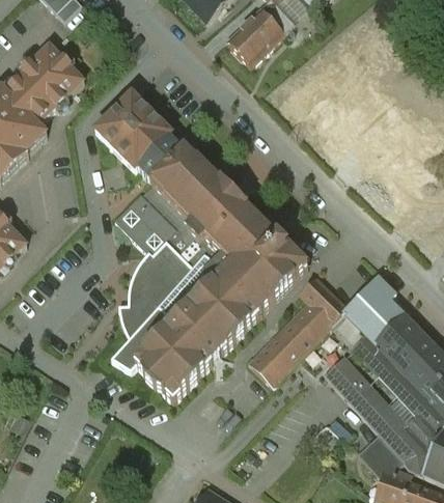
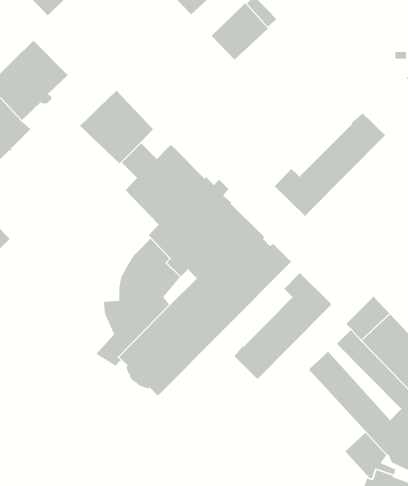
building: none -> [274,113,386,217]
building: [114,191,174,255] -> none
building: [345,275,396,327] -> none

